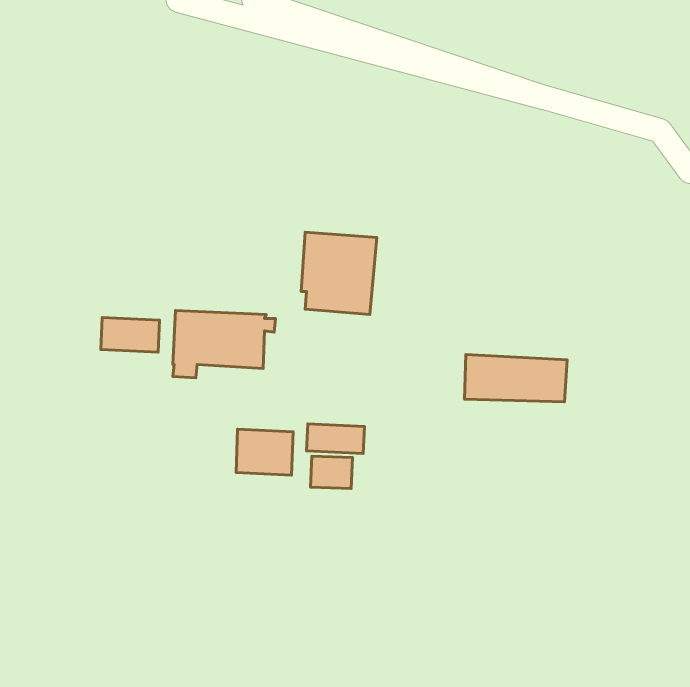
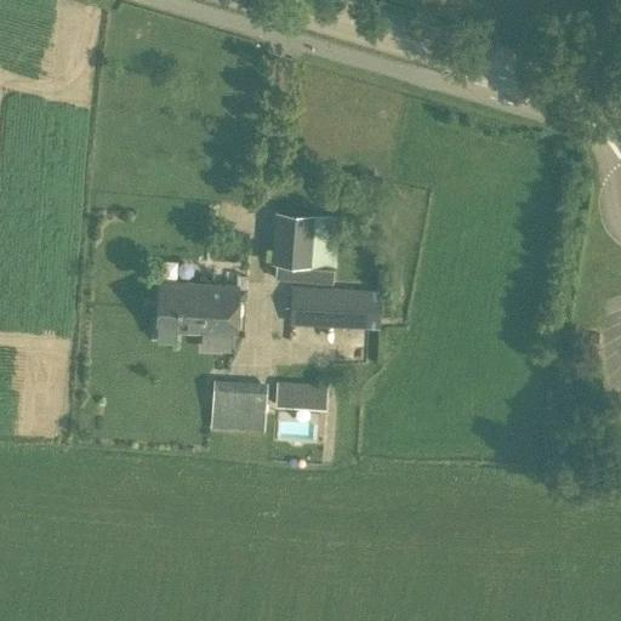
building: [101,318,159,352] -> none
building: [465,354,567,402] -> [289,286,381,329]

